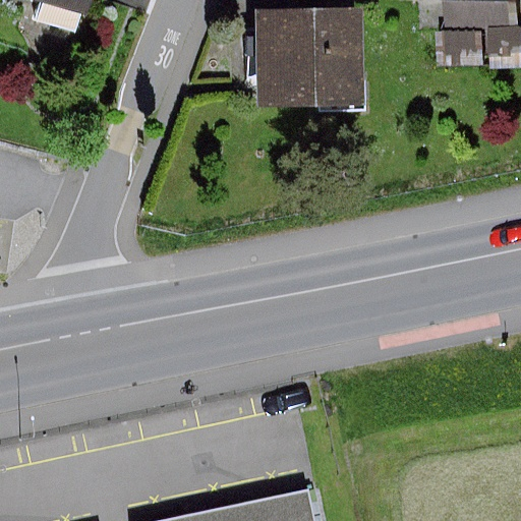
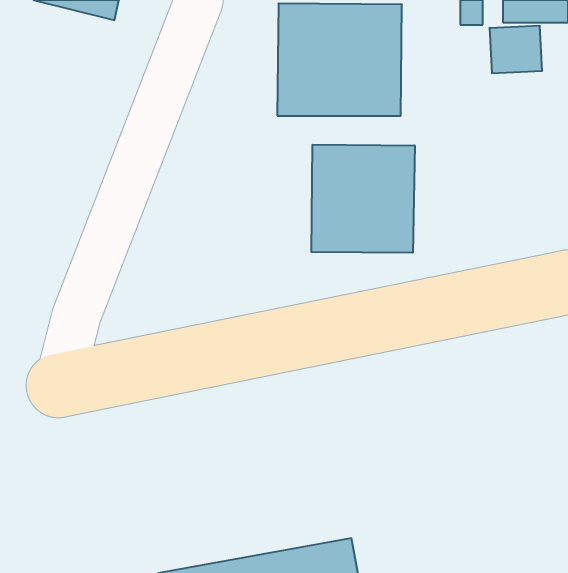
building: none -> [311,145,415,253]

